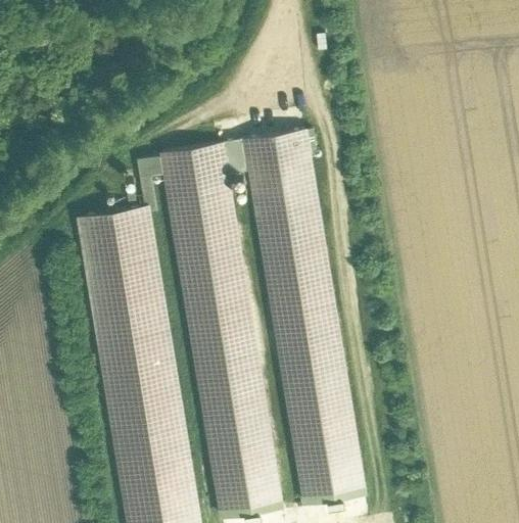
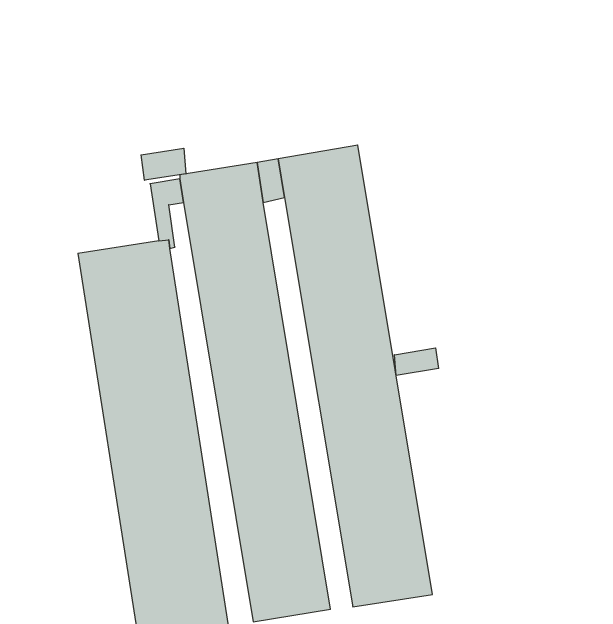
building: none -> [141,148,186,180]
building: none -> [394,348,439,376]

